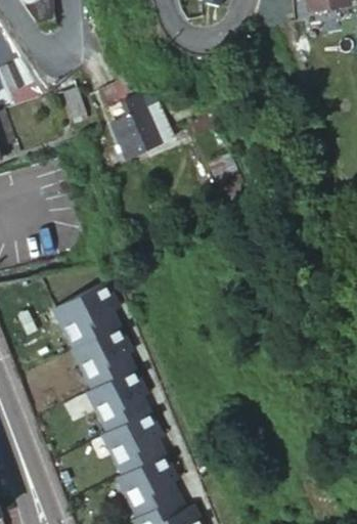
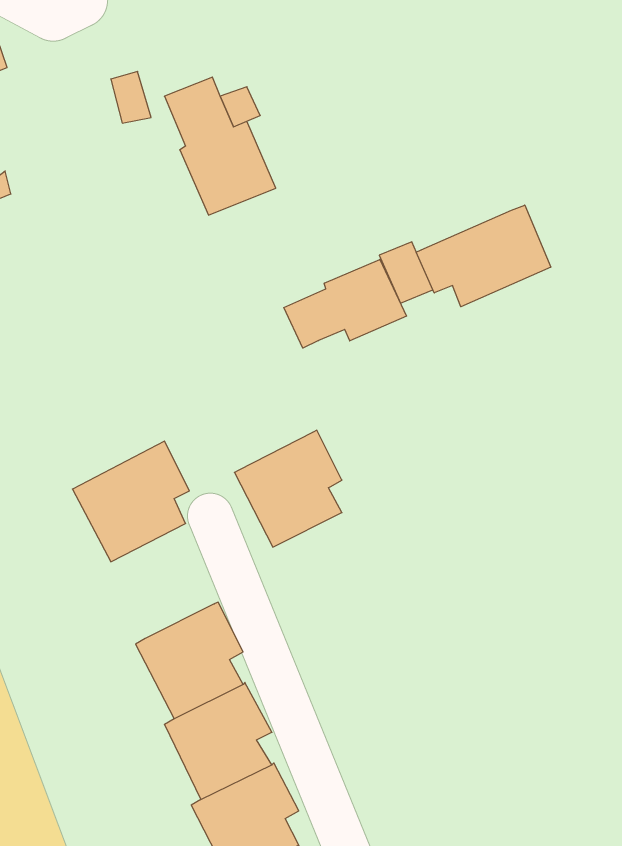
building: none -> [416,205,551,307]
building: none -> [284,259,406,348]
building: [72,322,129,385] -> [234,430,342,547]

